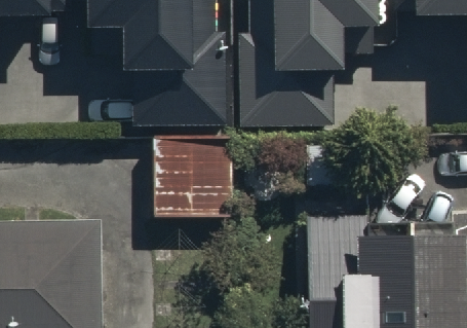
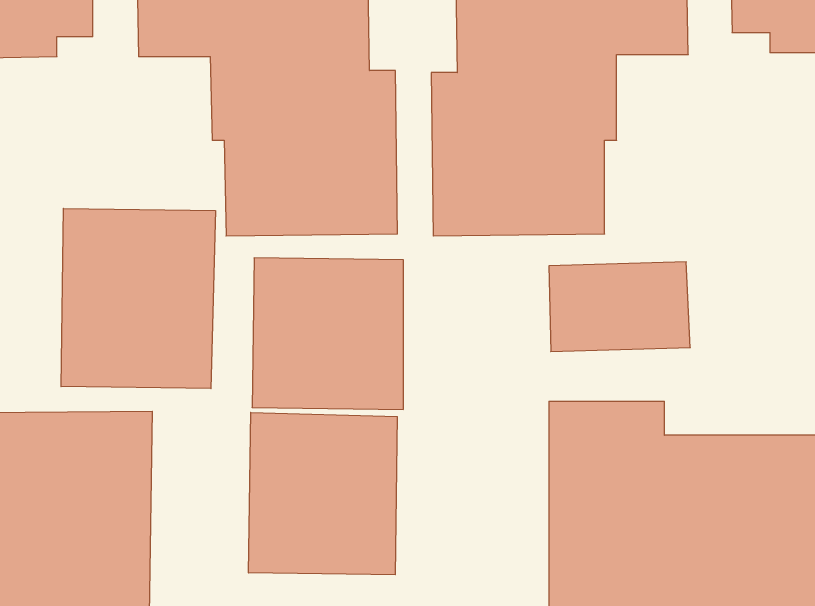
building: none -> [61,208,215,389]
building: none -> [249,412,397,575]

